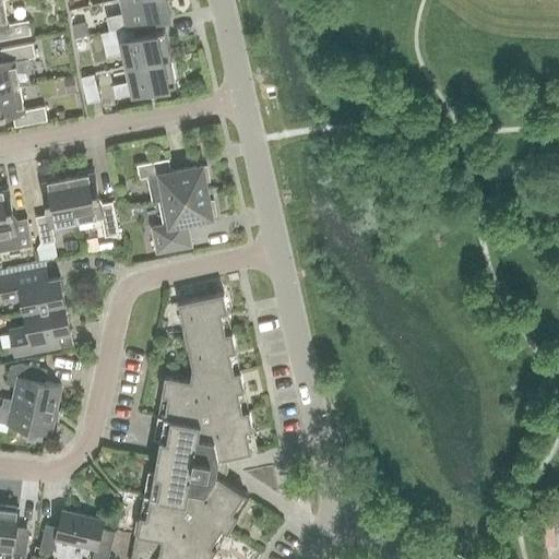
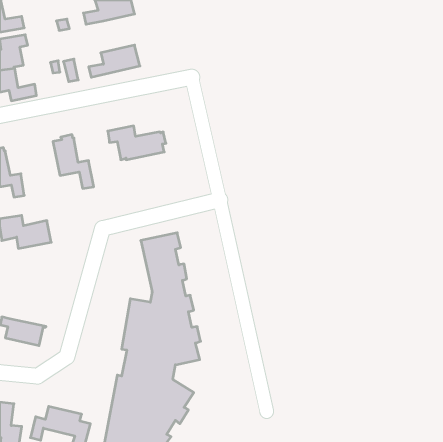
building: [99,28,169,69] -> none
building: [35,178,75,246] -> none
building: [147,193,215,257] -> none
building: [8,307,70,358] -> none
building: [5,367,60,413] -> none

